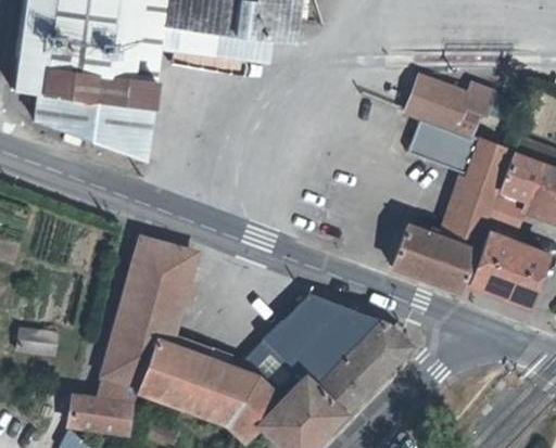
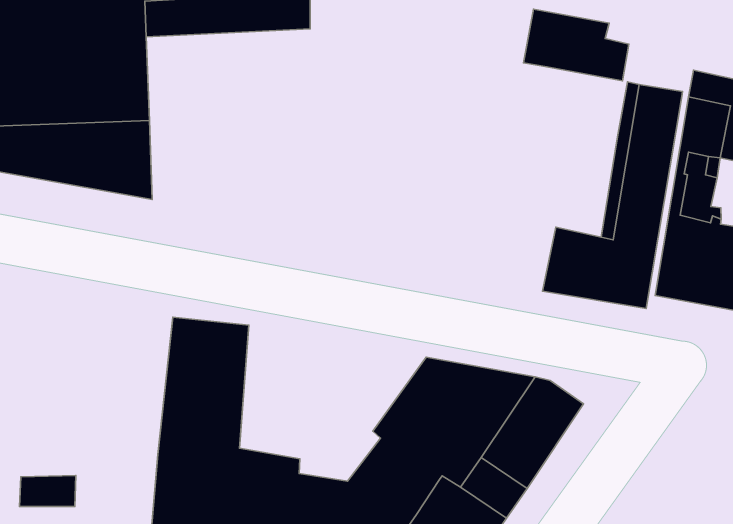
building: [408,116,475,171] -> none

